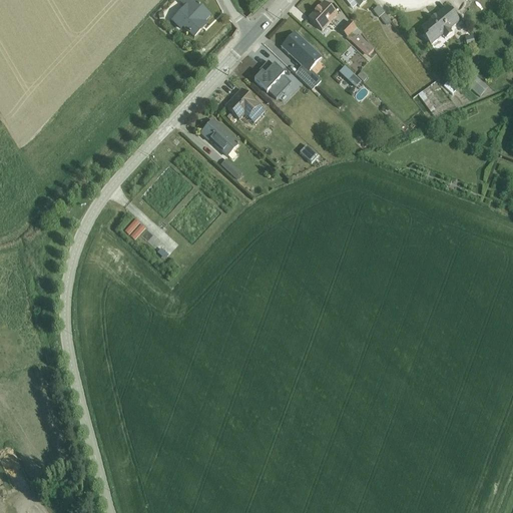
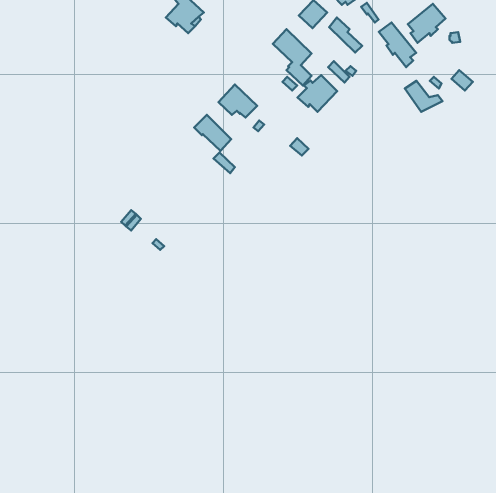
building: none -> [379,22,416,67]
building: [251,59,287,94] -> none
building: none -> [298,75,337,112]

